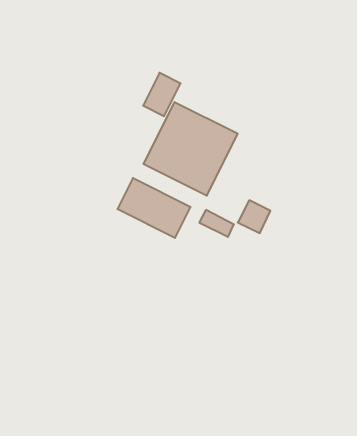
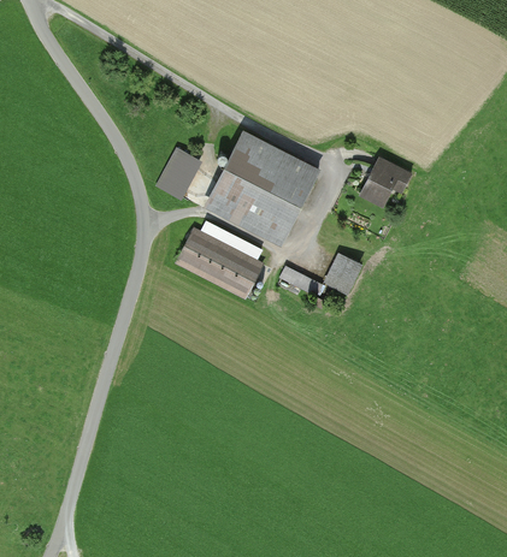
building: [143,73,181,116] -> [154,146,201,200]
building: none -> [359,156,412,203]

